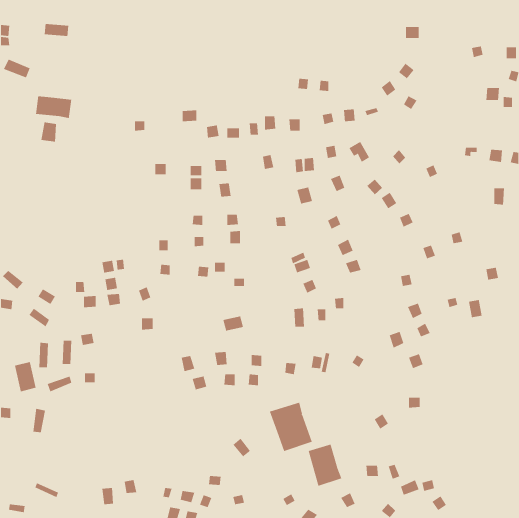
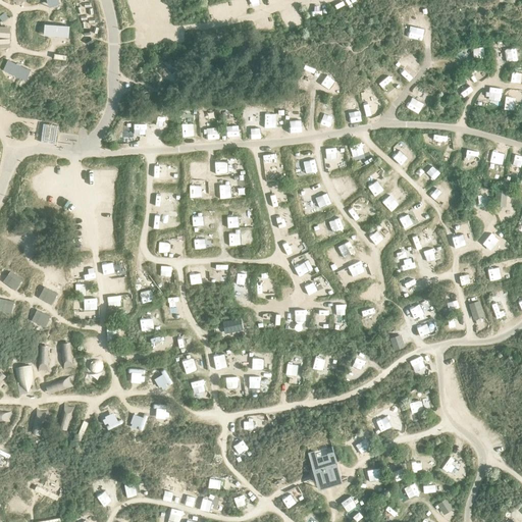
building: [36,96,72,119] -> none
building: [269,402,312,452] -> none

